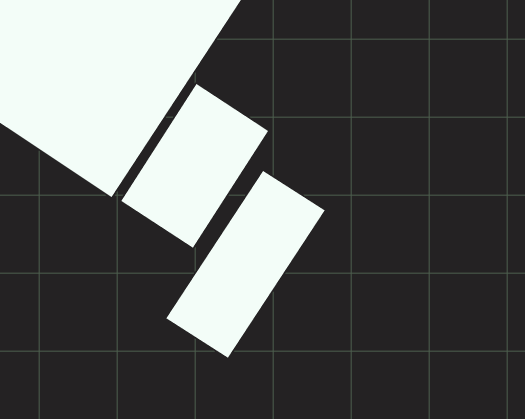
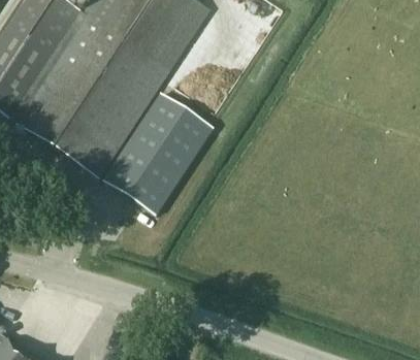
building: [165,170,326,359] -> none

